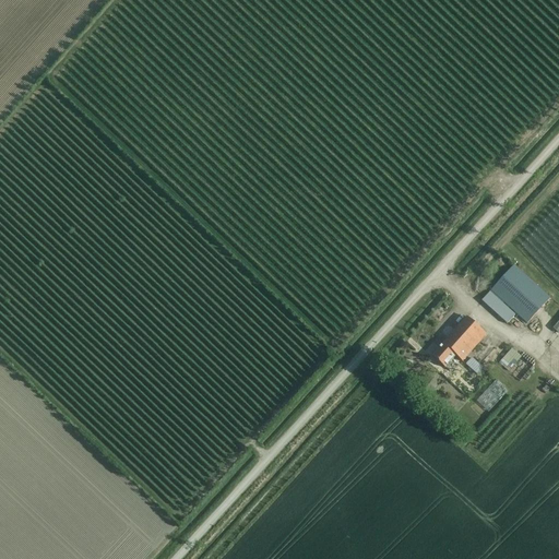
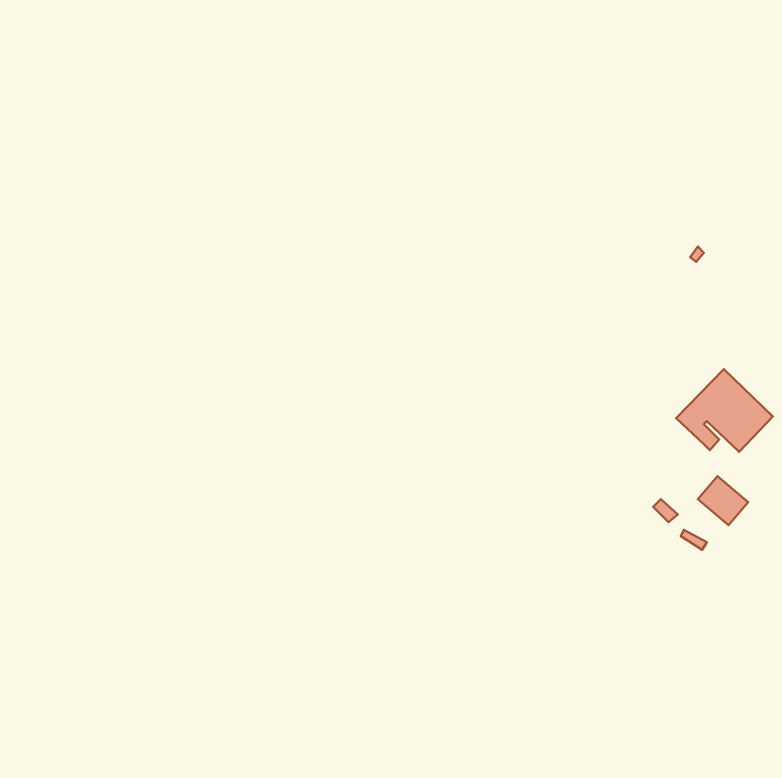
building: [431,314,486,366] -> none

